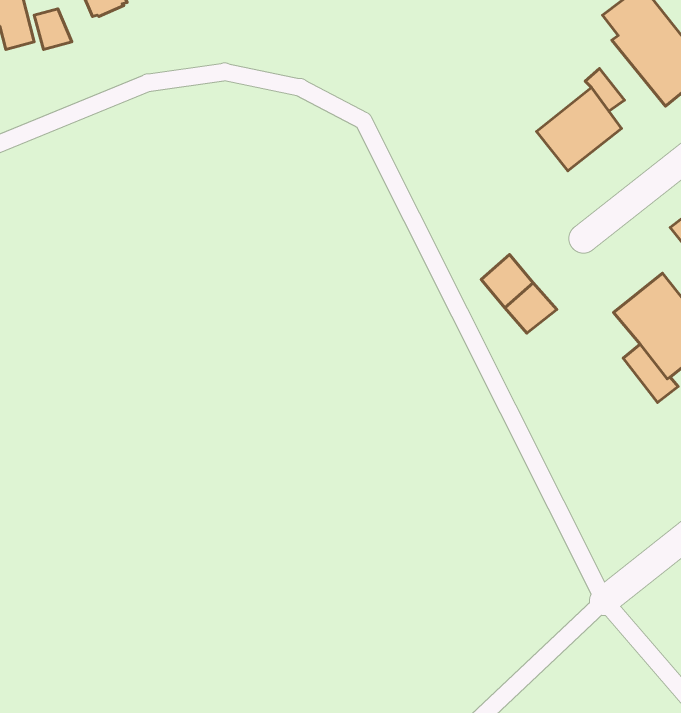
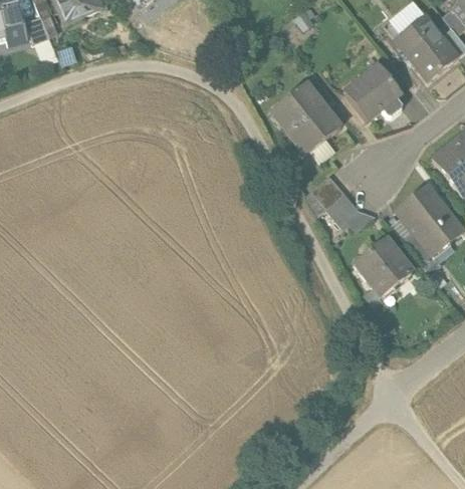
building: none -> [269,81,341,151]
building: none -> [355,240,414,292]

